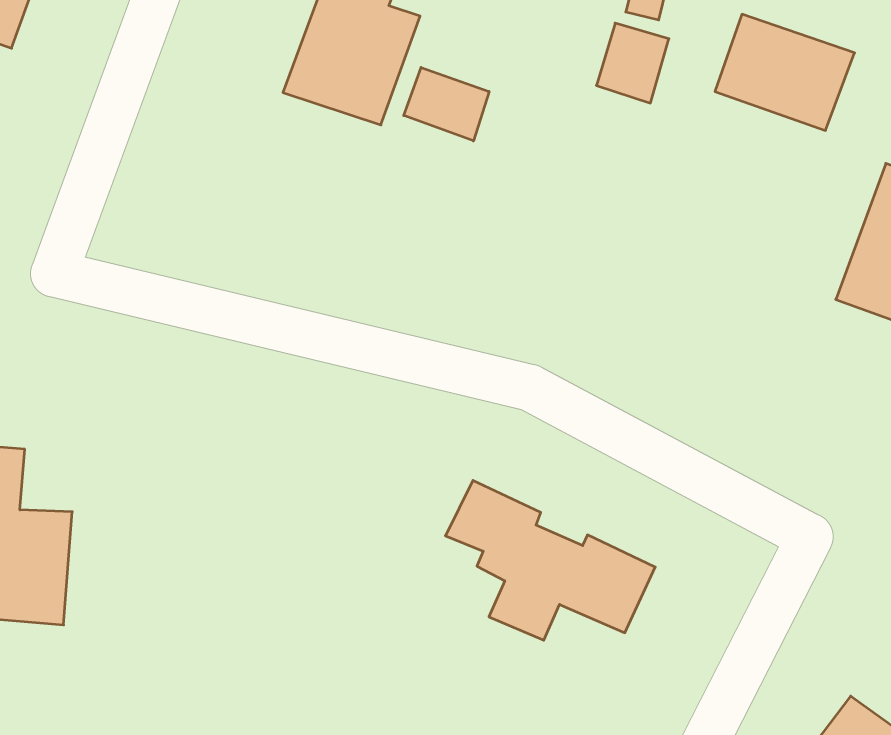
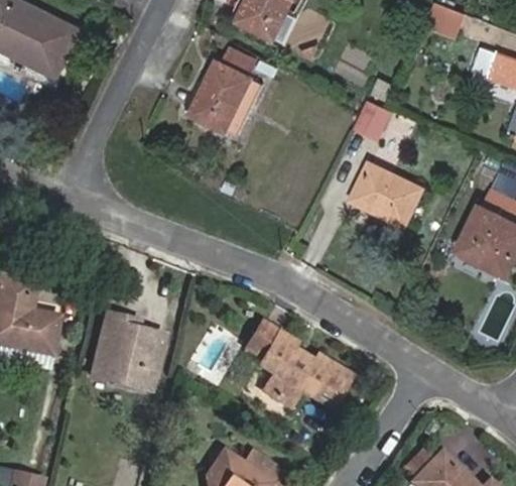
building: [715,14,855,130] -> [351,162,423,226]
building: [404,67,489,141] -> none
building: none -> [91,313,164,389]

